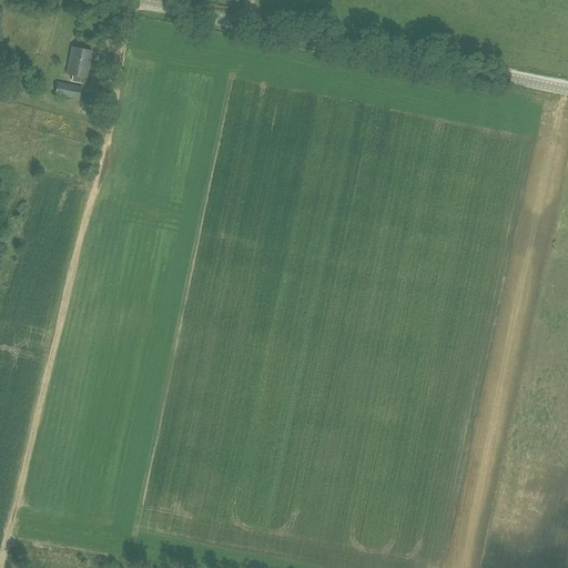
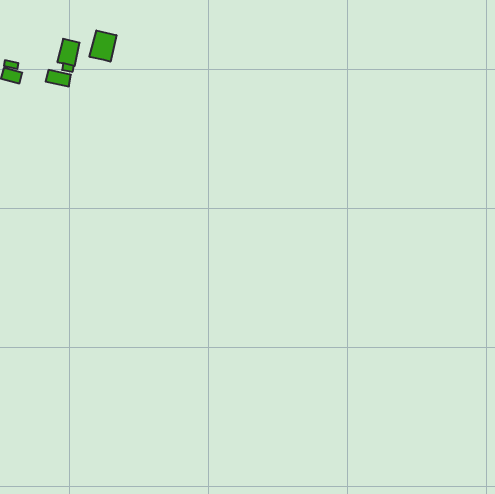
building: none -> [89,30,116,62]

